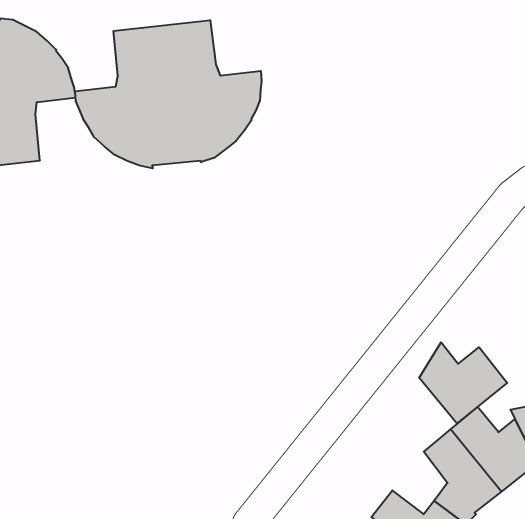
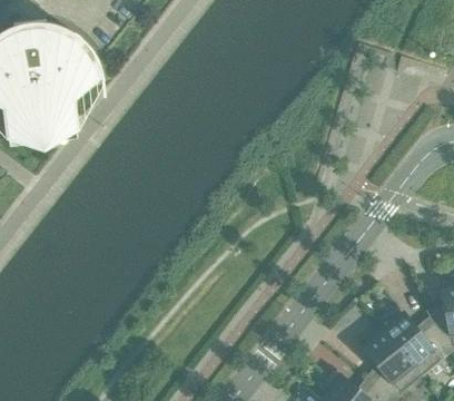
building: [75,20,261,168] -> none
building: [419,342,507,424] -> none

